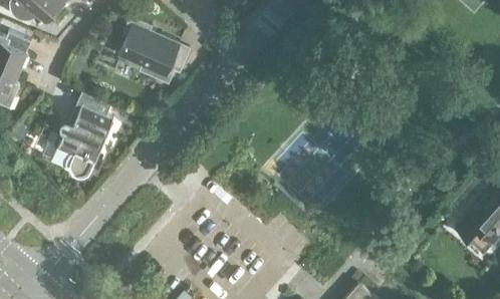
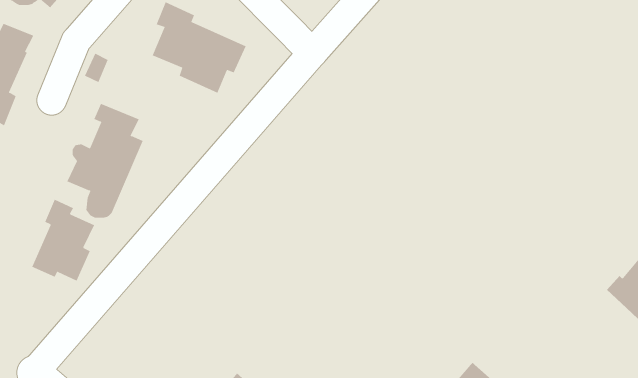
building: none -> [32,199,95,282]

